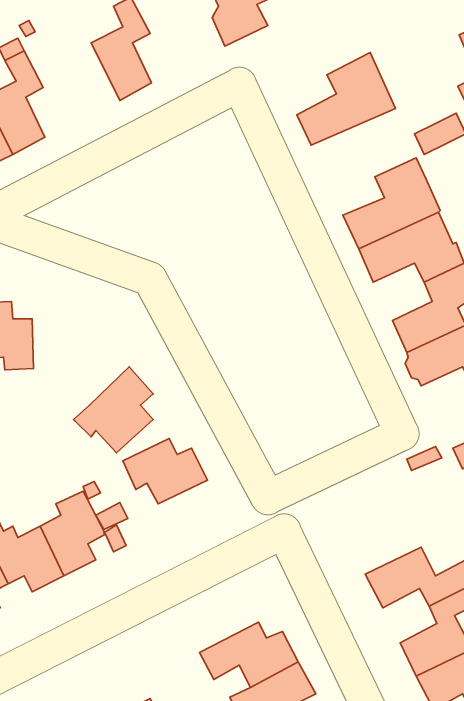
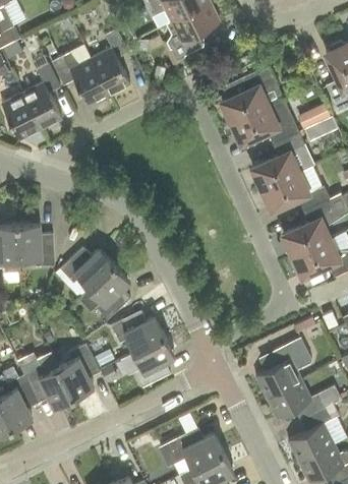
building: none -> [51,52,109,105]
building: none -> [231,107,298,143]
building: none -> [60,247,115,289]
building: none -> [121,337,175,387]
building: none -> [255,339,310,397]

